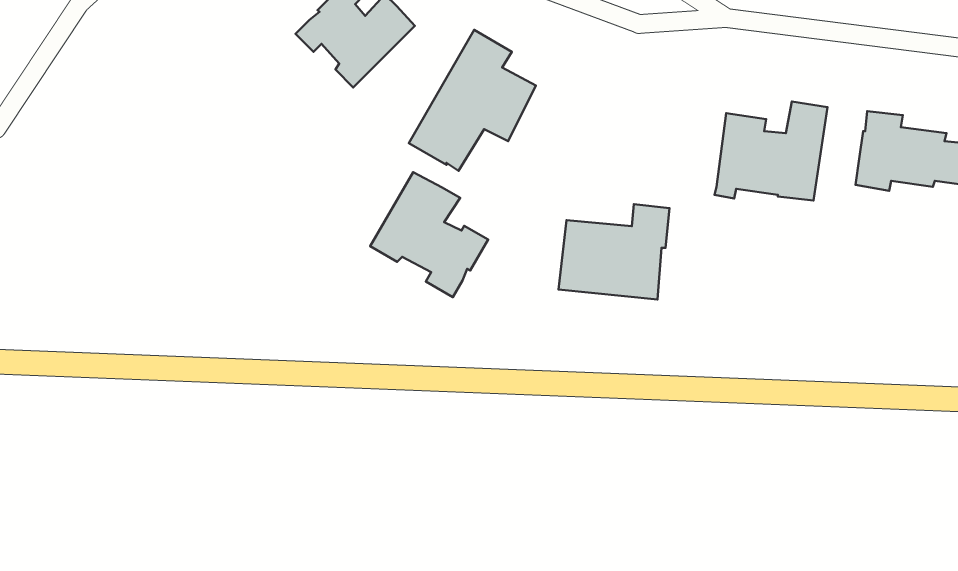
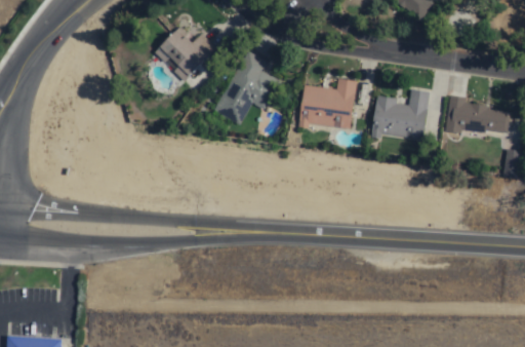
building: [370,172,488,297] -> none
building: [558,204,670,300] -> [298,79,356,128]

